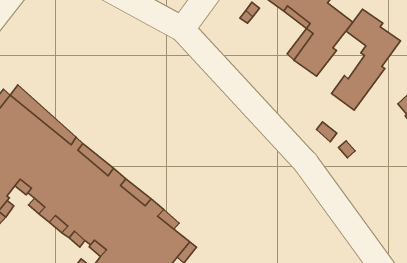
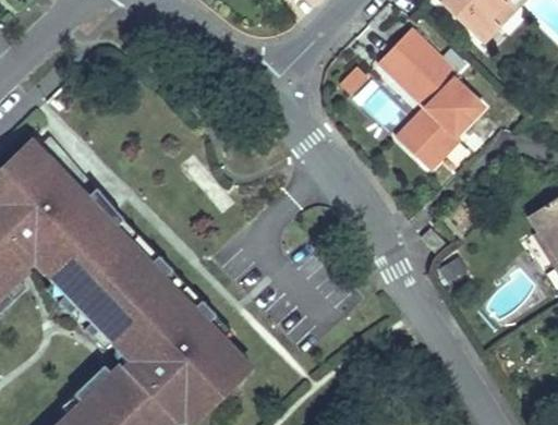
building: [331,9,400,110] -> none

